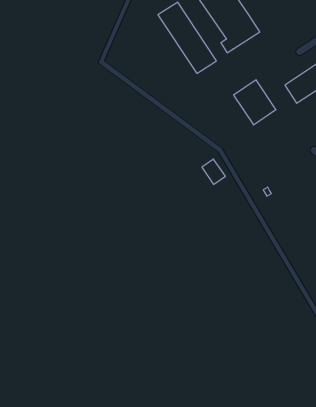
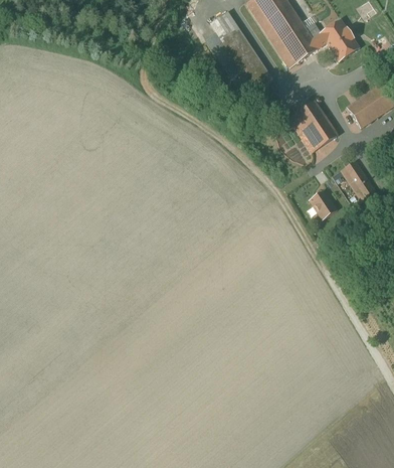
building: none -> [306,18,359,60]
building: none -> [341,160,376,201]
building: [202,159,225,184] -> [310,190,336,218]

